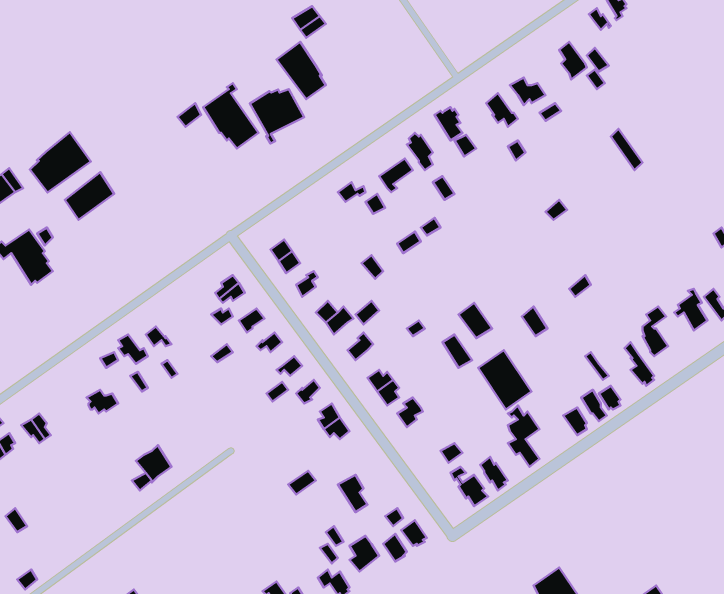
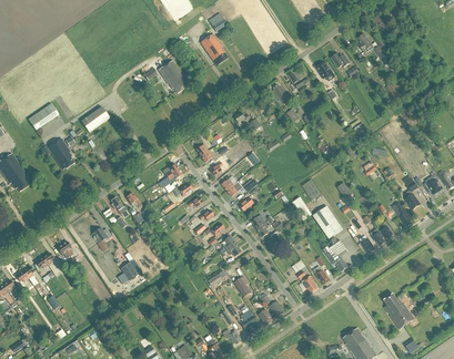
building: [250,89,304,144] -> none
building: [30,132,91,193] -> none
building: none -> [384,294,414,329]

